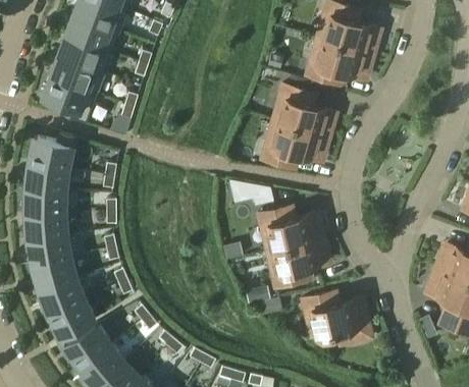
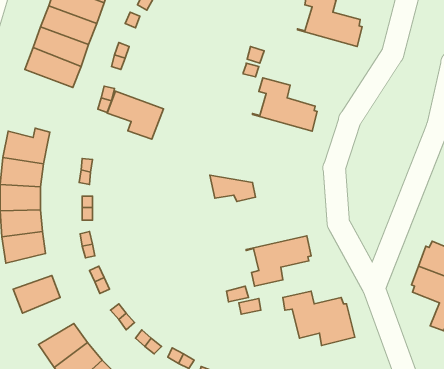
building: [305,38,374,84] -> none
building: [42,76,97,123] -> [107,91,163,139]
building: [261,120,330,167] -> none
building: [258,208,325,252] -> none
building: [32,256,76,290] -> none
building: [48,298,95,338] -> none

